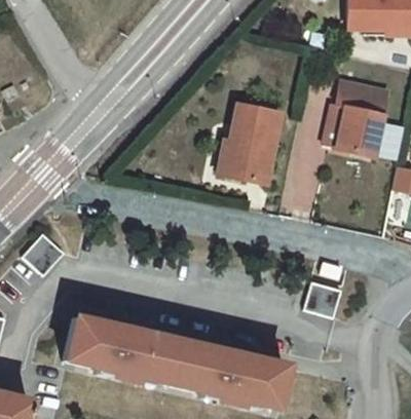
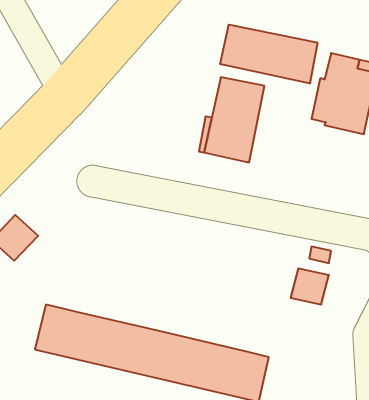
building: none -> [220,25,318,84]

